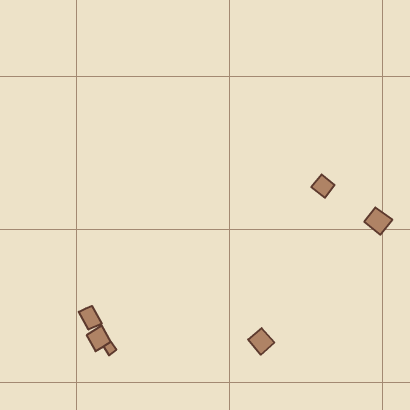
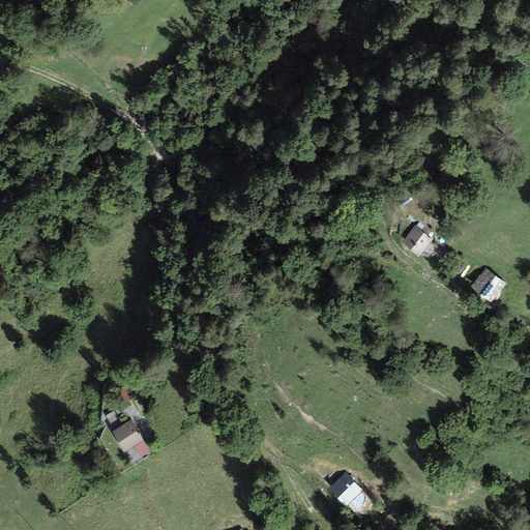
building: [79,306,102,330] -> none
building: [248,328,274,355] -> [328,472,362,506]

